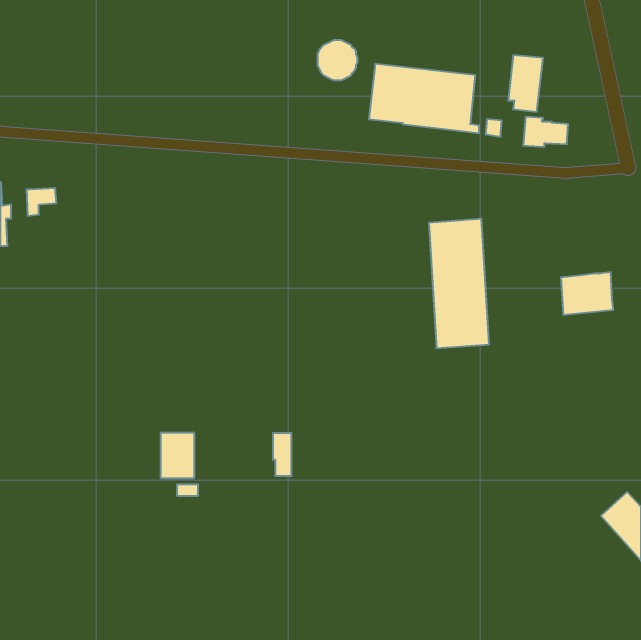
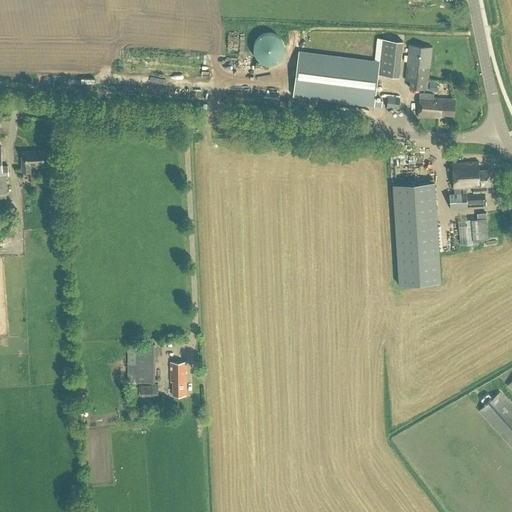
building: none -> [379,39,403,77]
building: none -> [452,162,491,189]
building: [429,219,489,348] -> [392,182,440,285]
building: [273,433,292,476] -> [170,362,185,396]

